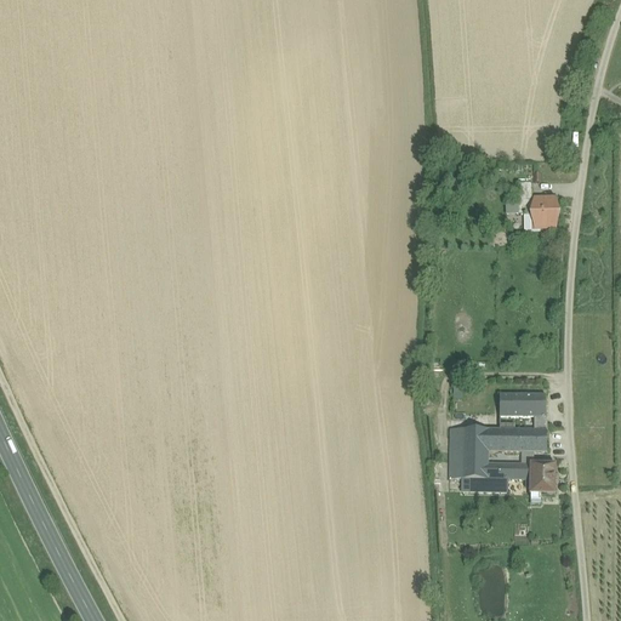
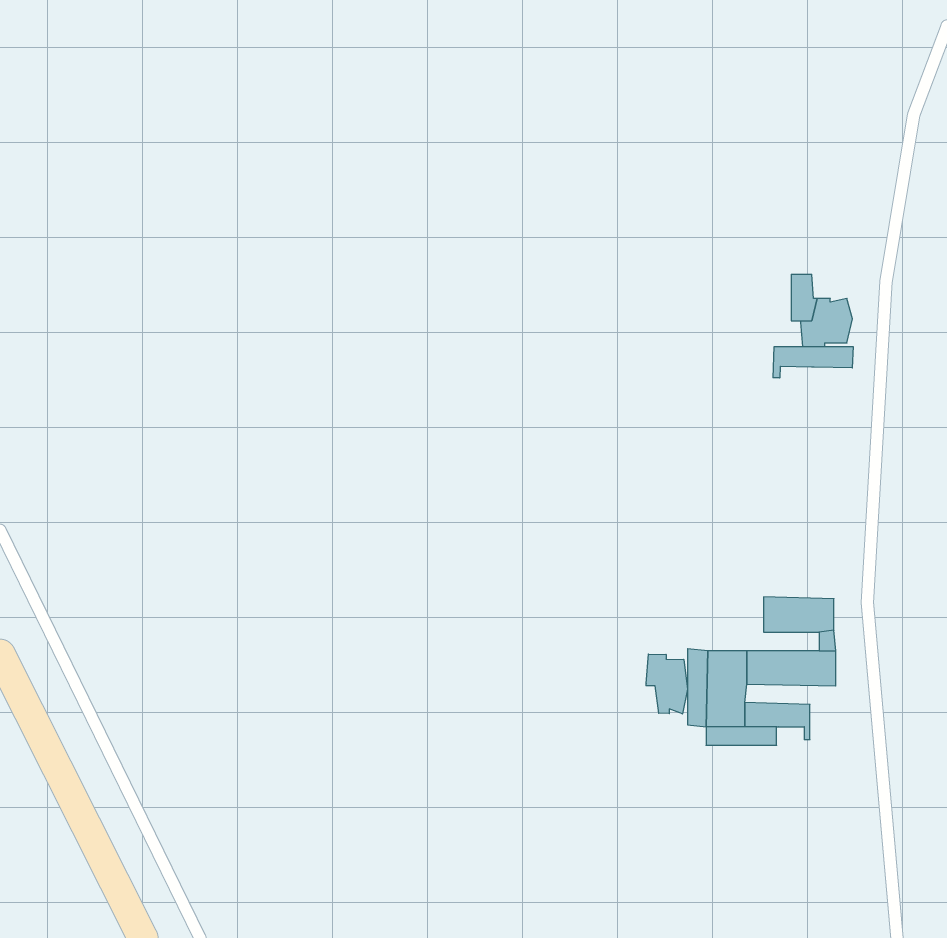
building: none -> [773,347,853,378]
building: none -> [646,654,688,714]
building: [530,461,556,491] -> none

